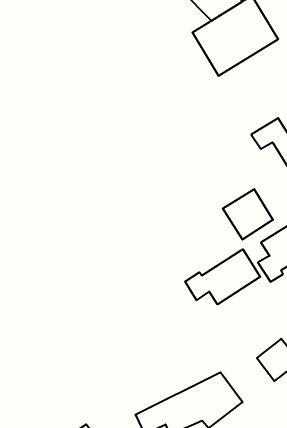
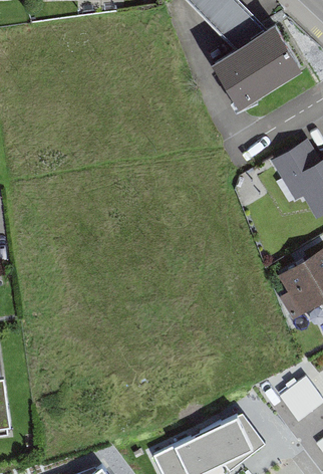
building: [223,189,273,240] -> none
building: [185,249,260,304] -> none

